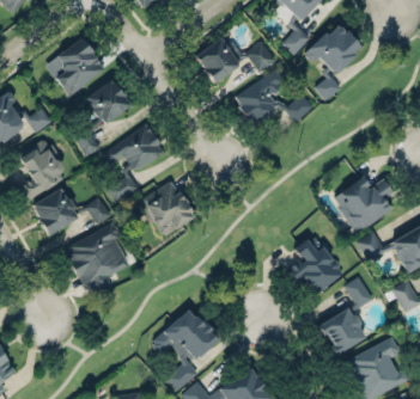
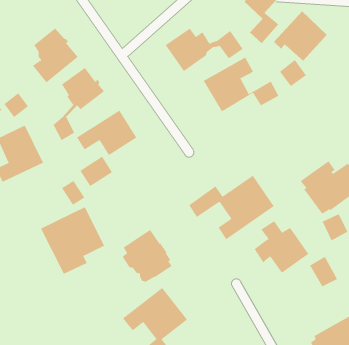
building: [141,180,194,235] -> [122,229,172,282]
building: [31,188,79,235] -> none
building: none -> [188,175,275,240]
building: [319,308,366,355] -> none

